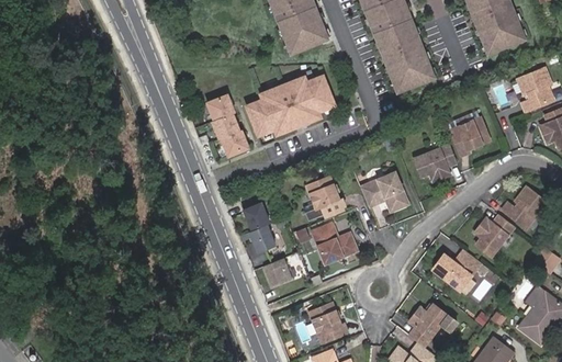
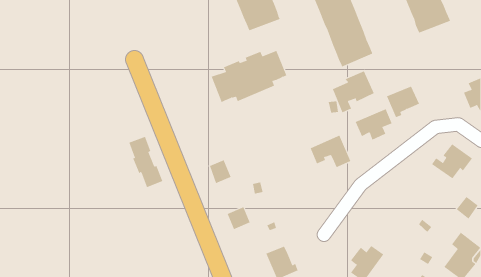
building: [516,68,551,111] -> none
building: [207,97,248,157] -> [128,136,163,188]
building: none -> [332,70,375,113]
building: [306,177,346,216] -> none
building: [475,213,515,254] -> none
building: [313,224,357,263] -> none
building: [249,225,276,253] -> none
building: [432,250,481,289] -> none

